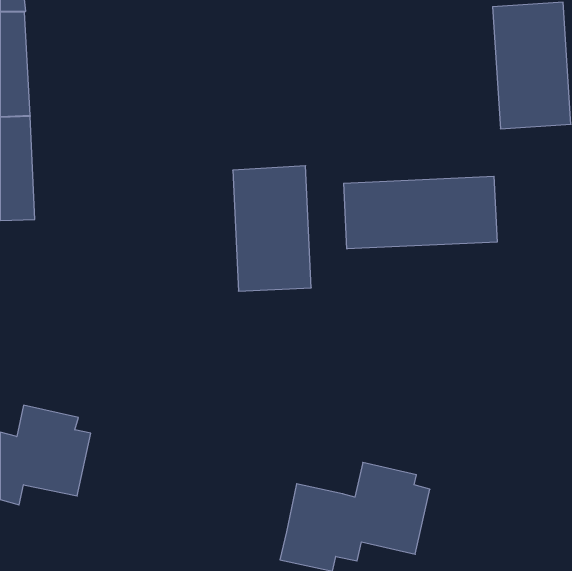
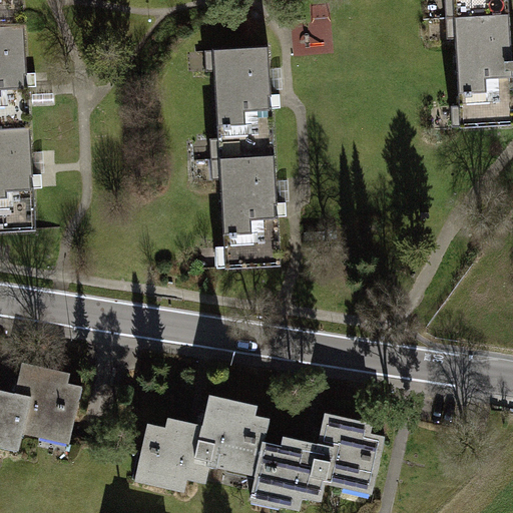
building: none -> [202,39,273,151]
building: [344,176,497,249] -> none
building: none -> [133,395,270,493]

